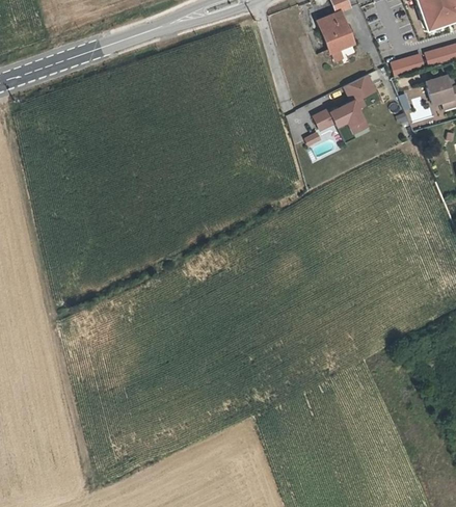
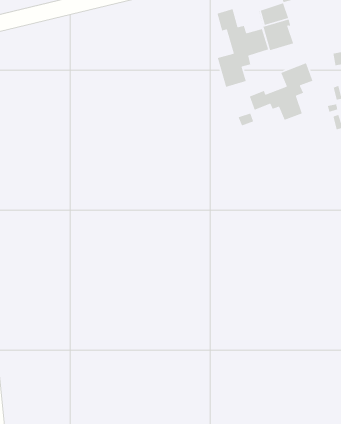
building: none -> [217,8,269,88]

